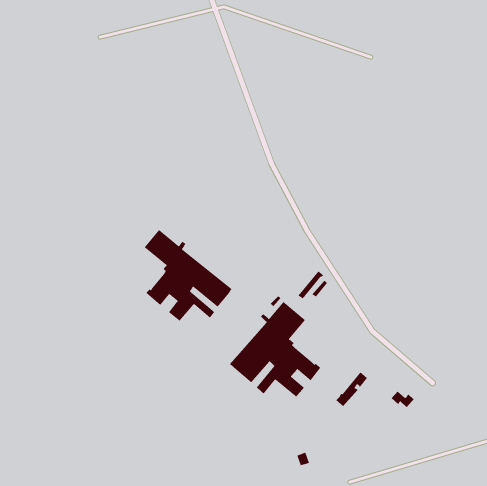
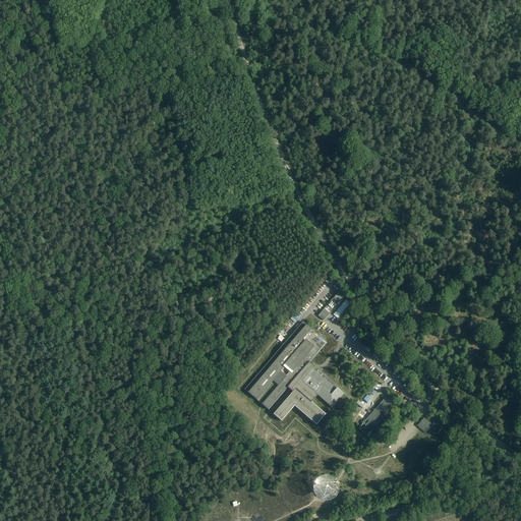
building: [144,229,233,321] -> none

